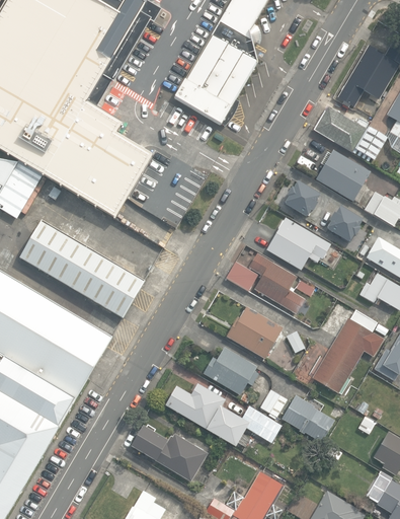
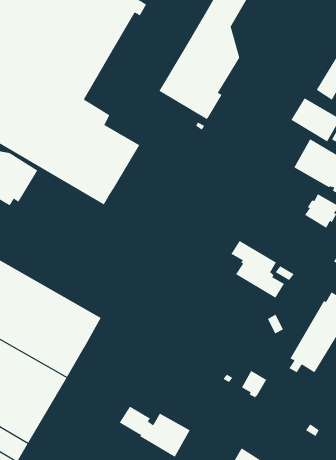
building: [283,179,320,216] -> none
building: [265,217,330,271] -> none
building: [19,220,145,317] -> none
building: [226,262,258,291] -> none
building: [226,306,283,358] -> none
building: [203,347,258,394] -> none
building: [164,383,282,447] -> none
building: [282,394,334,441] -> none

